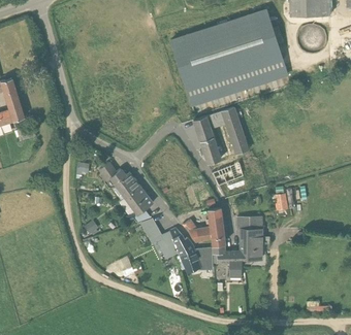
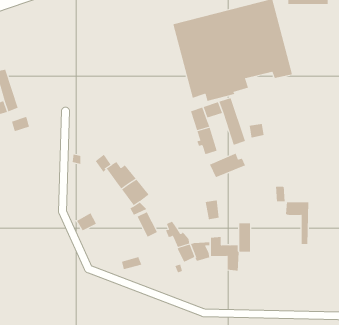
building: [237,216,261,259] -> [285,202,309,245]
building: [183,220,224,244] -> none

